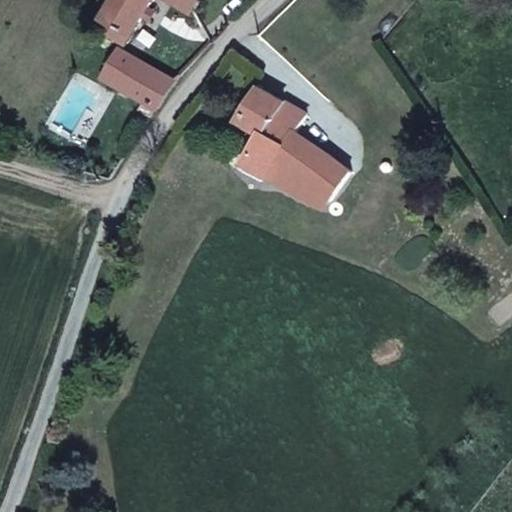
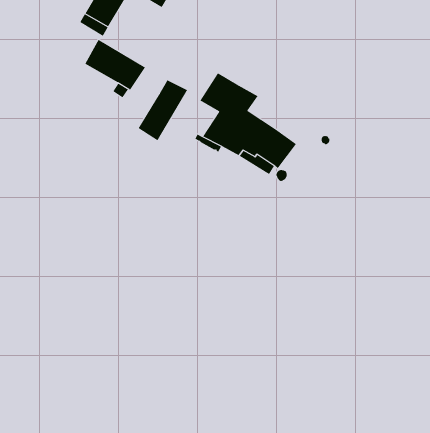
building: none -> [138,80,188,141]

